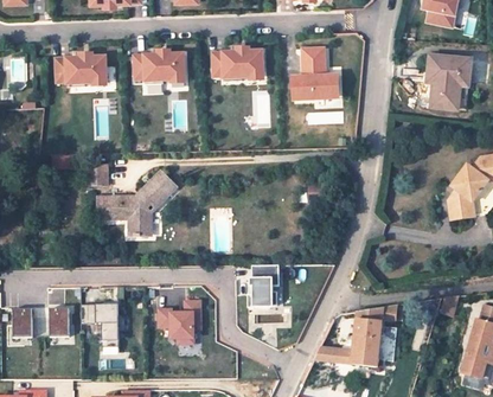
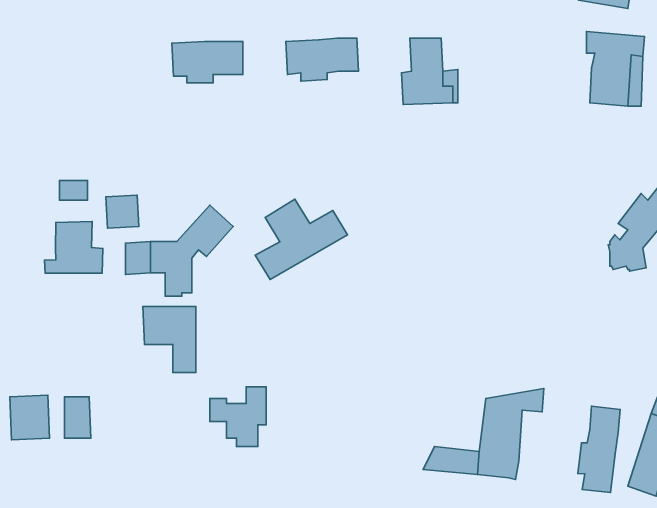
building: [56,57,107,88] -> none
building: none -> [255,199,348,280]
building: none -> [45,222,103,273]
building: [246,265,278,307] -> none
building: [79,303,117,351] -> [143,306,196,372]
building: none -> [578,406,620,492]

